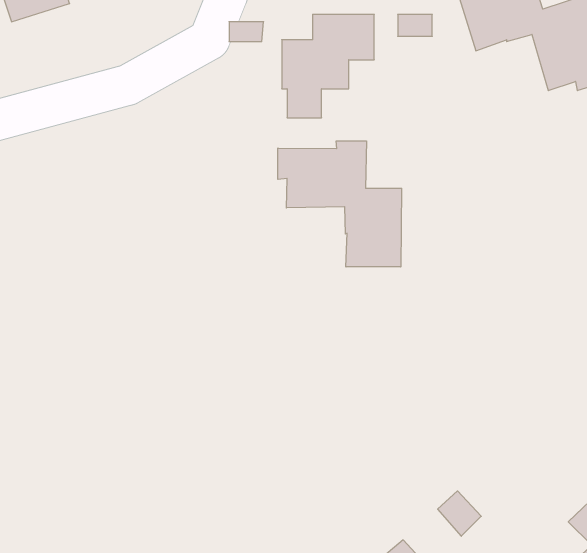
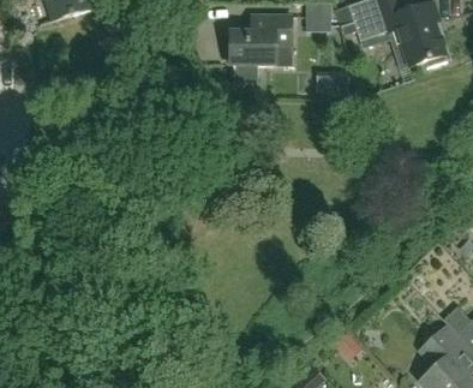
building: [278,141,402,267] -> none

